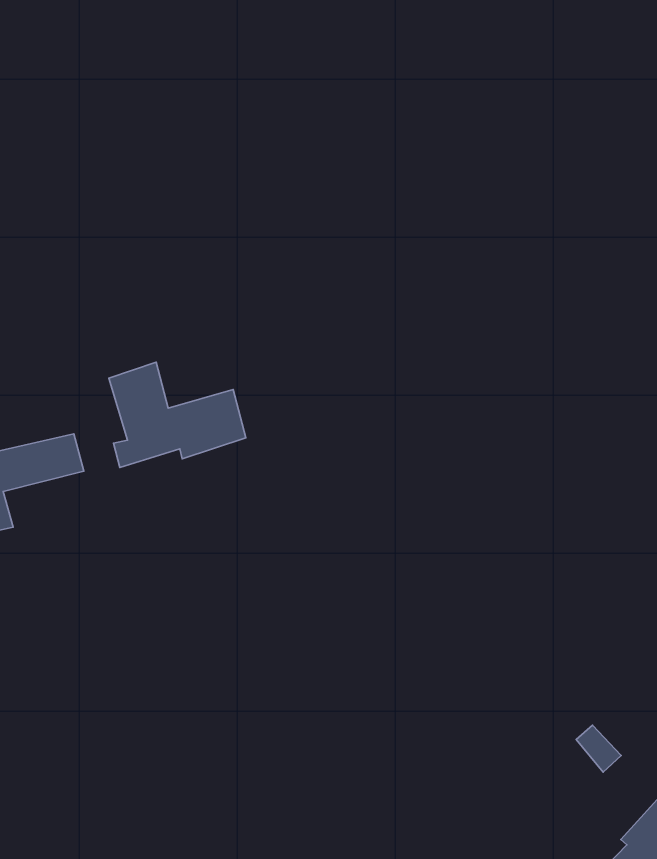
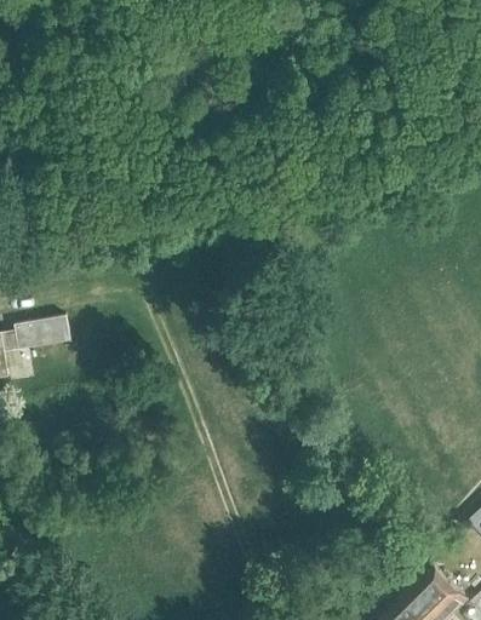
building: [109,362,246,467] -> none

